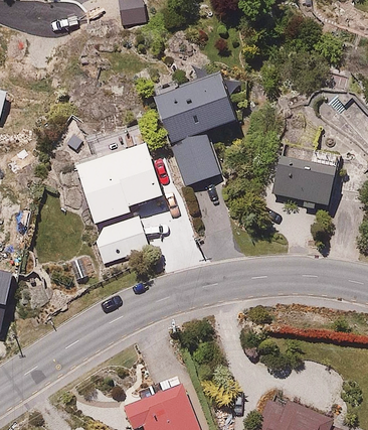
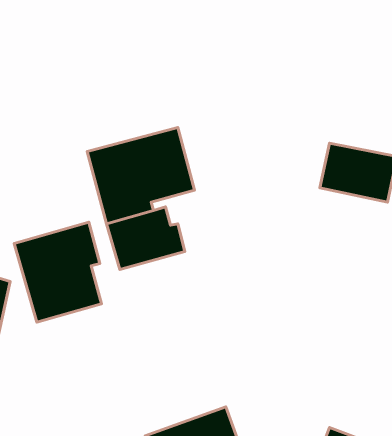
building: [151,74,236,186] -> none
building: none -> [14,222,102,322]

